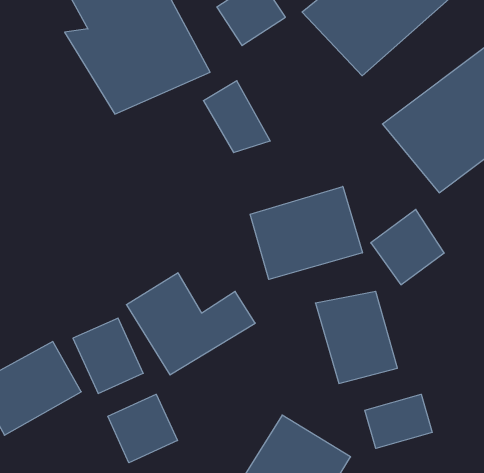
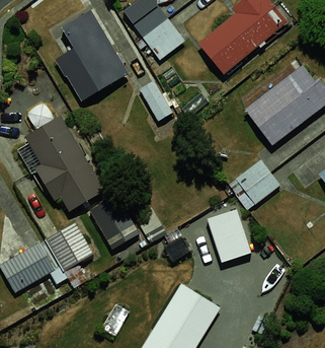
building: none -> [18,112,110,217]
building: [250,186,362,279] -> none
building: [108,394,177,463] -> none
building: [365,394,432,448] -> none

